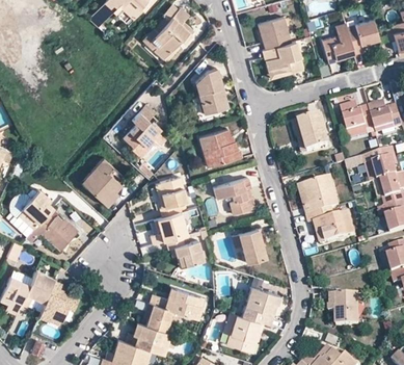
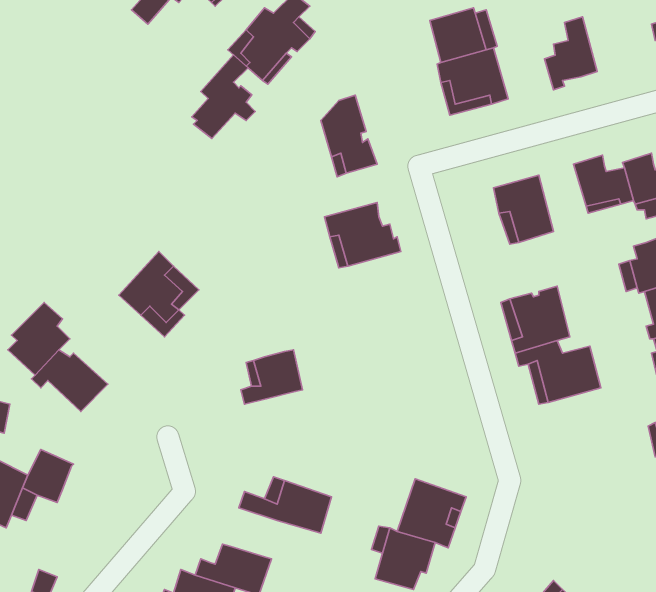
building: [347,20,378,54] -> none
building: [128,107,164,155] -> [192,55,255,139]
building: [214,178,252,215] -> none
building: [162,179,185,217] -> none
building: [238,229,264,263] -> none
building: [165,237,203,267] -> none
building: [38,280,79,320] -> none
building: [336,294,359,325] -> none
building: [144,303,171,332] -> none

